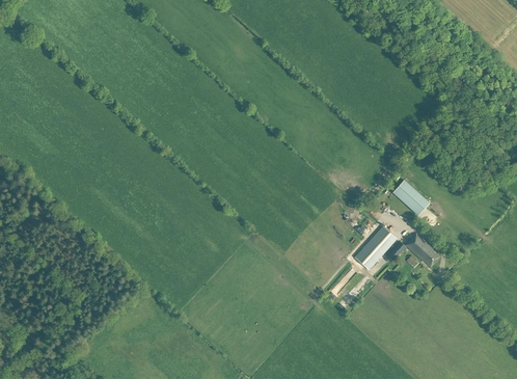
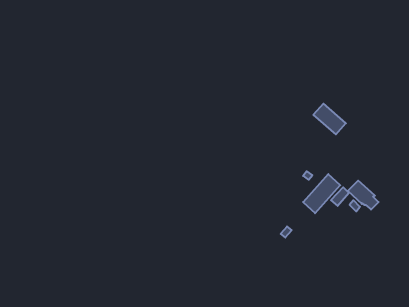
building: [392,180,429,214] -> [313,104,346,134]

